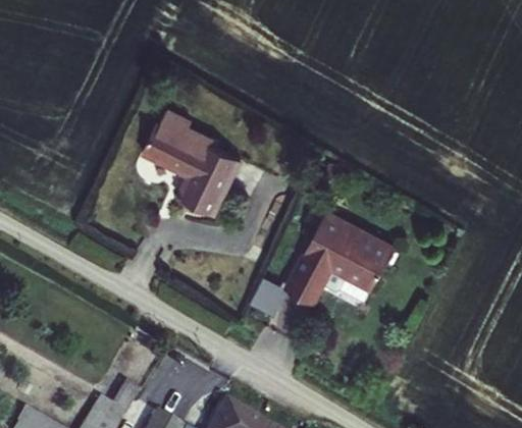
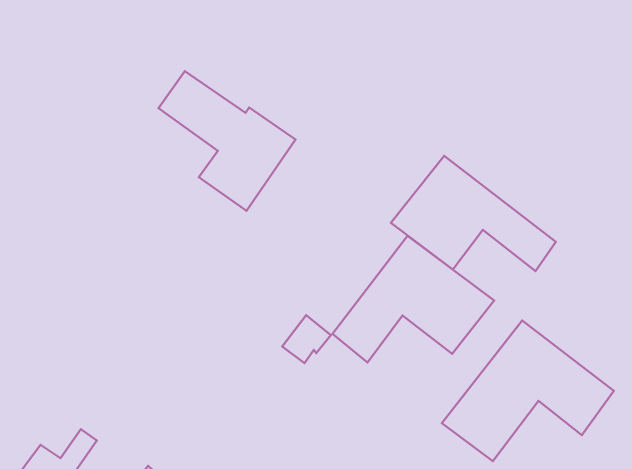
building: none -> [391,156,556,271]
building: none -> [442,320,614,461]

